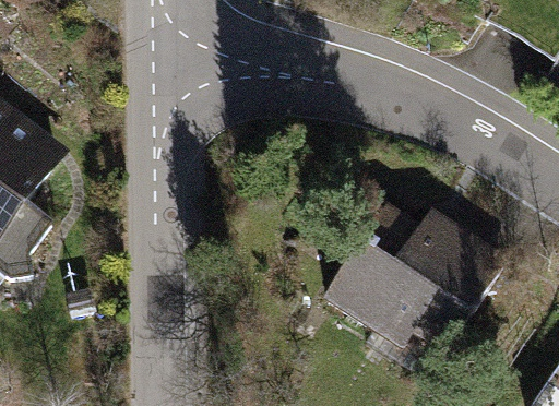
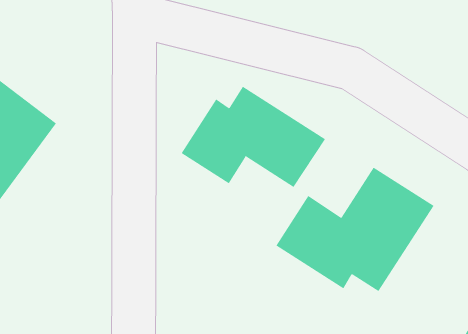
building: none -> [181,86,326,188]

